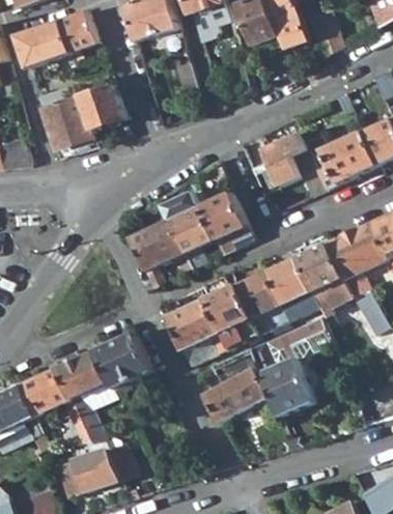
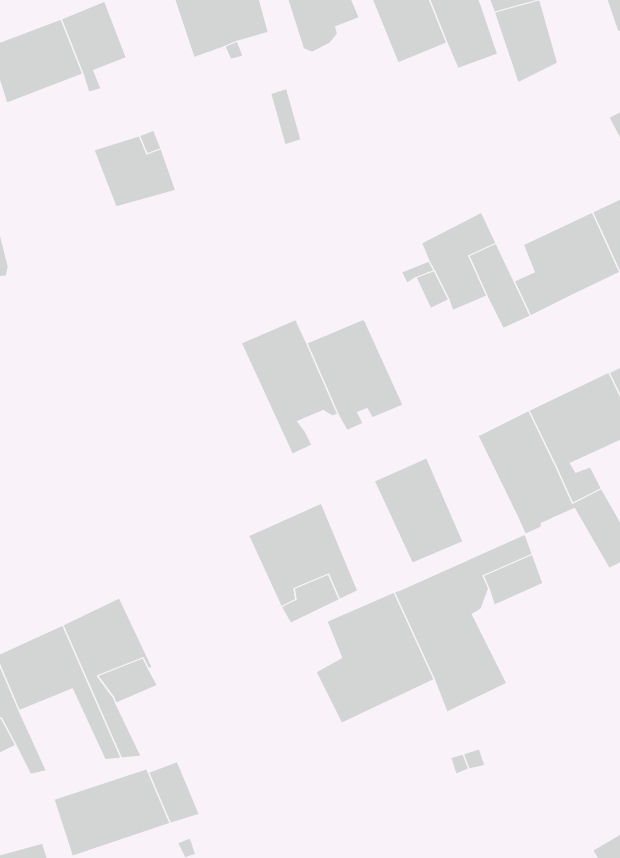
building: [39,95,95,159] -> none
building: [131,199,190,286] -> none
building: [266,258,318,318] -> none
building: [206,284,258,346] -> none
building: [91,331,151,390] -> none

